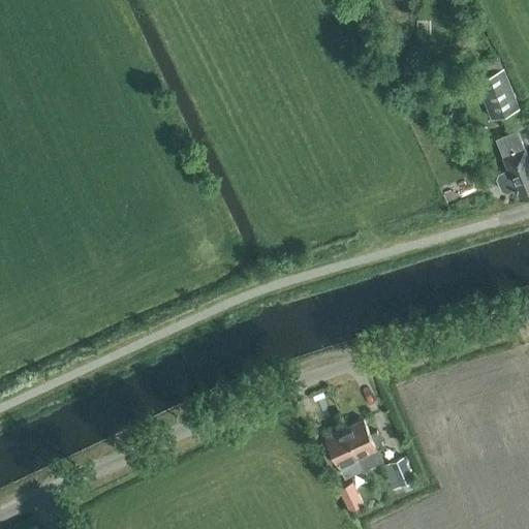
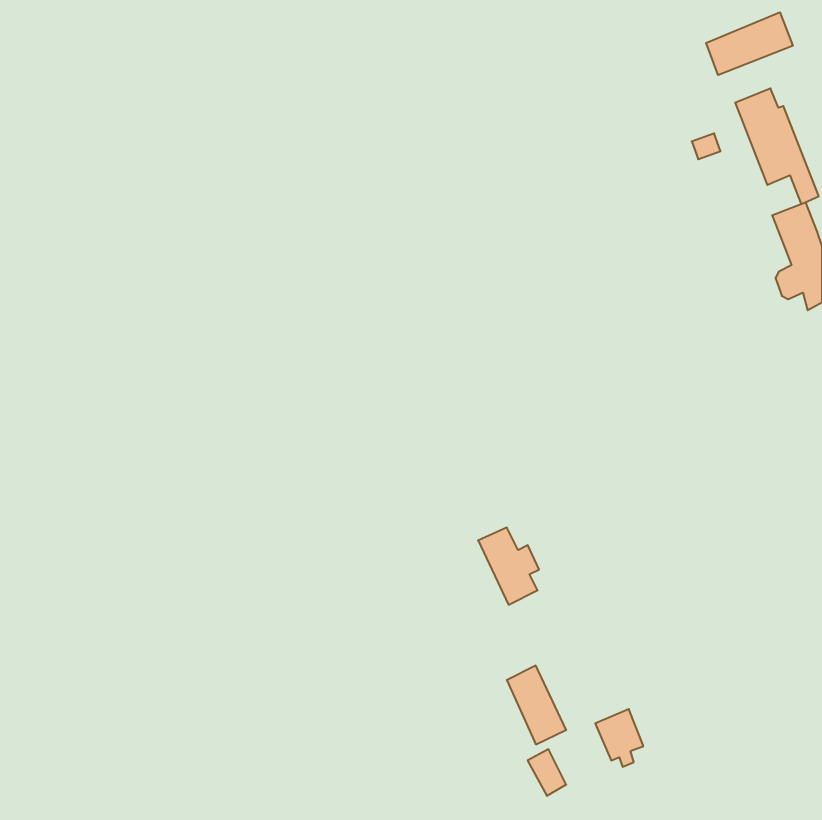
building: none -> [706,12,793,75]
building: [344,421,383,470] -> [478,528,539,605]

